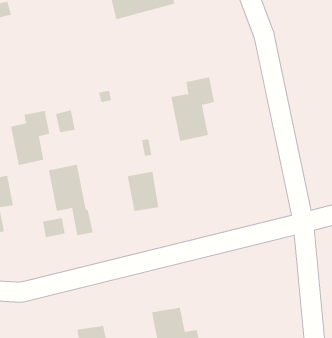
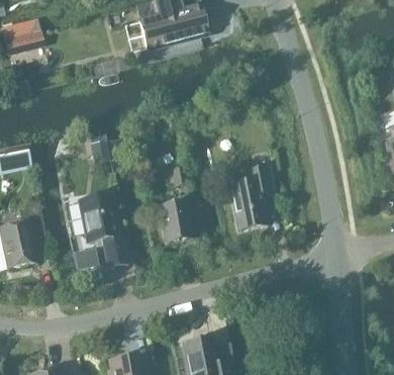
building: [170,77,215,141] -> [228,165,273,229]
building: [11,110,50,166] -> none

